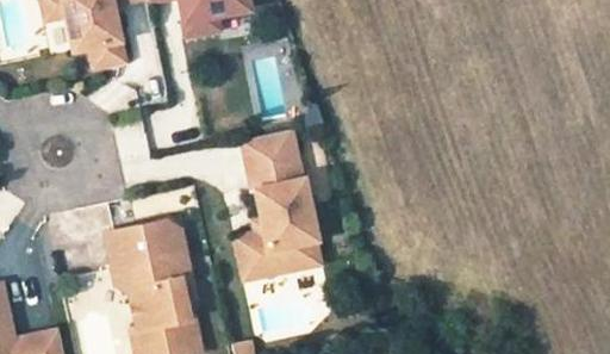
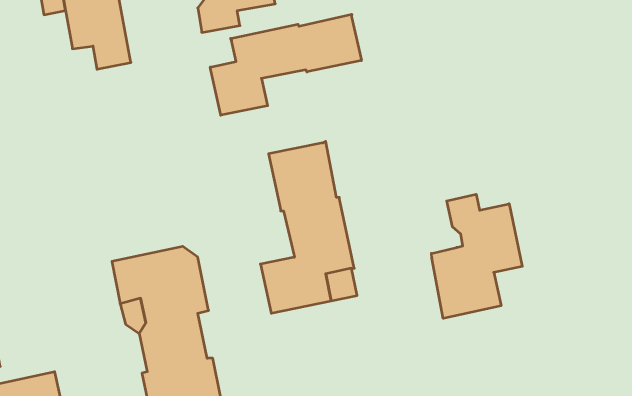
building: none -> [210,14,361,115]
building: none -> [431,194,522,318]

